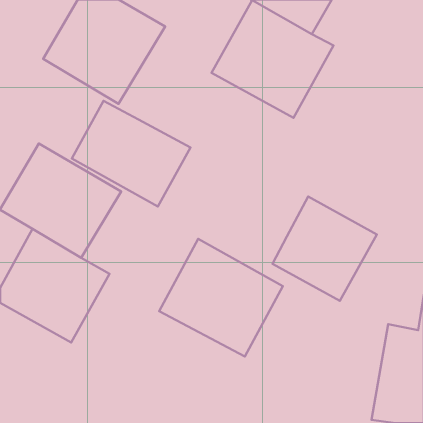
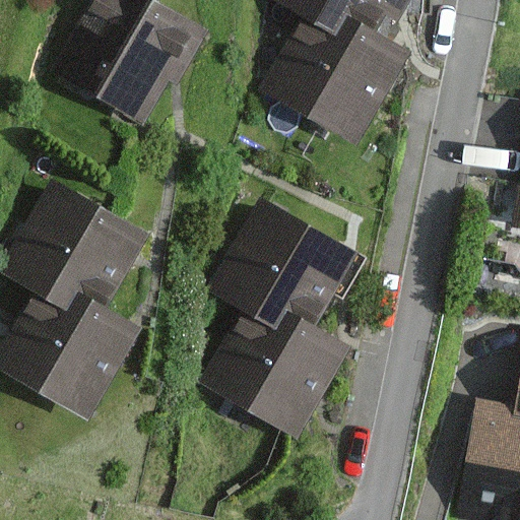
building: [72,101,190,207] -> none
building: none -> [216,201,348,327]
building: [273,196,377,301] -> none

